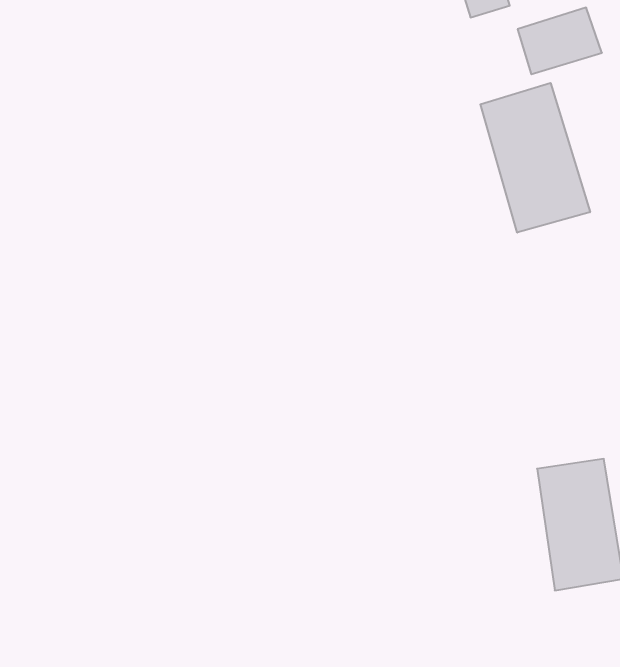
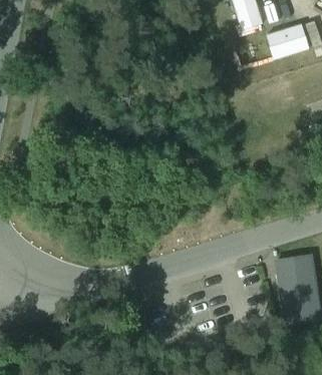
building: [480,83,590,233] -> none

